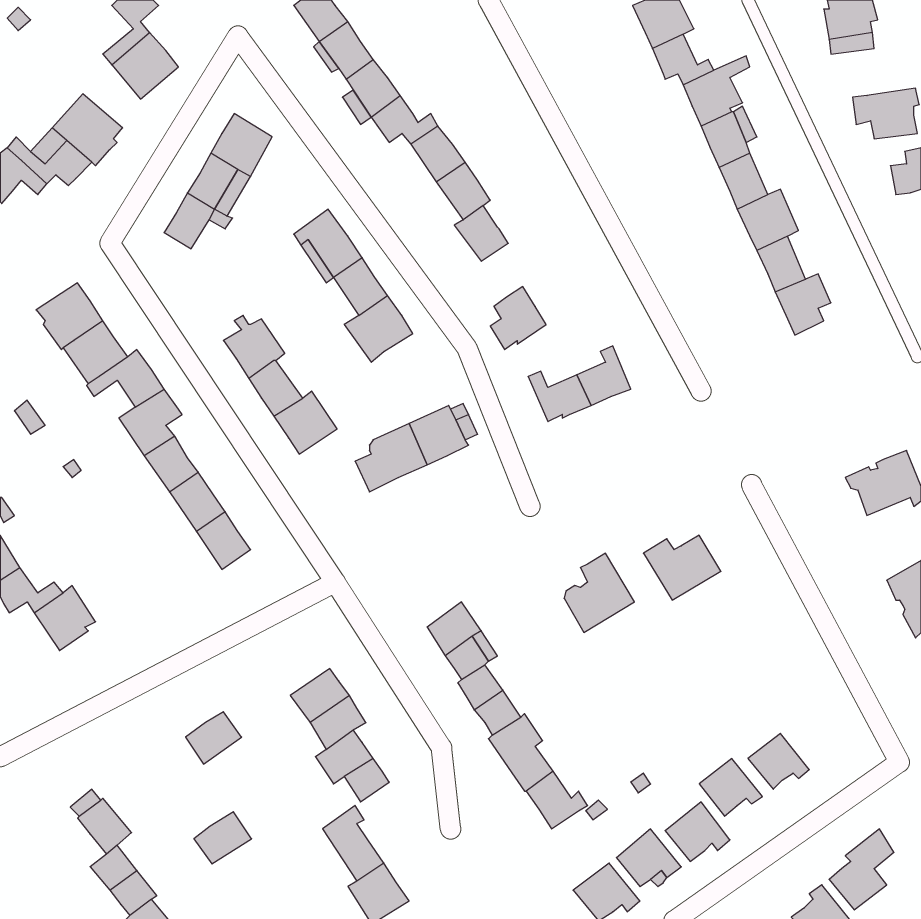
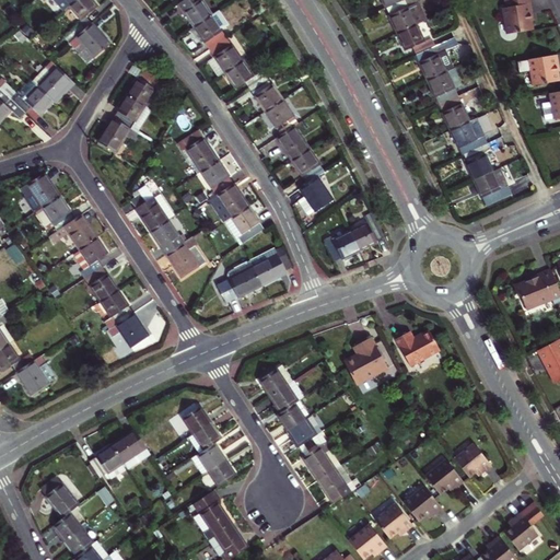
building: none -> [292,149,324,182]
building: none -> [225,203,267,243]
building: [194,812,252,864] -> [89,448,124,480]

